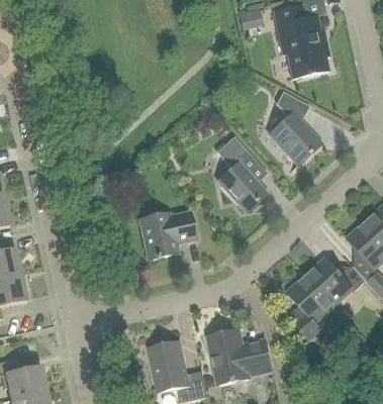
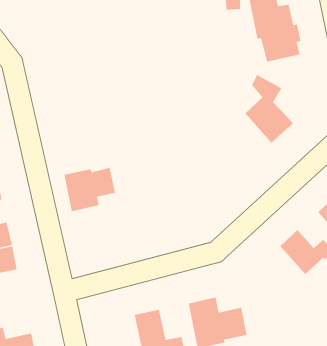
building: [216,135,266,210] -> none
building: [139,210,195,259] -> [64,167,116,212]
building: [287,274,333,338] -> none

